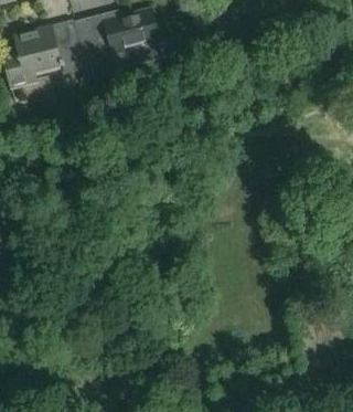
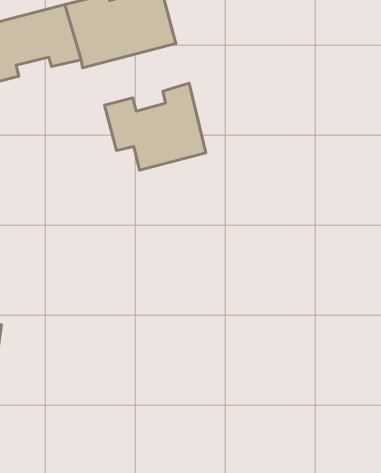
building: none -> [104,83,206,170]

